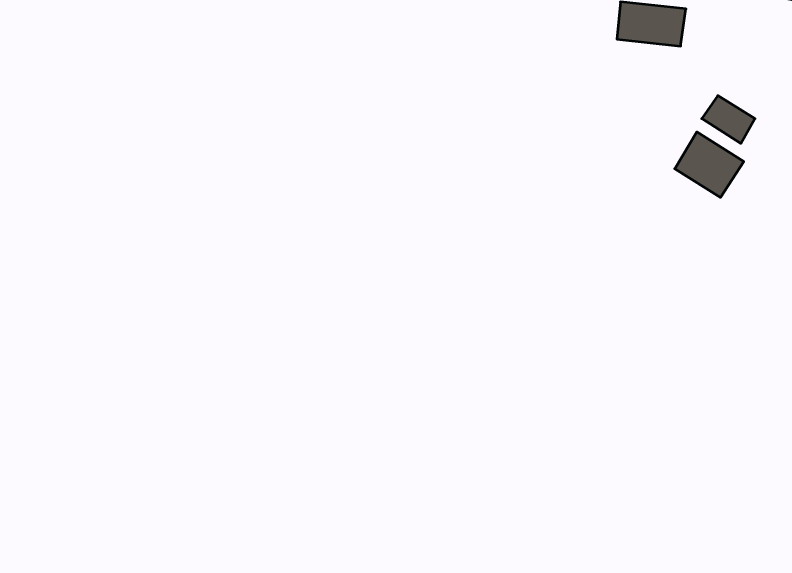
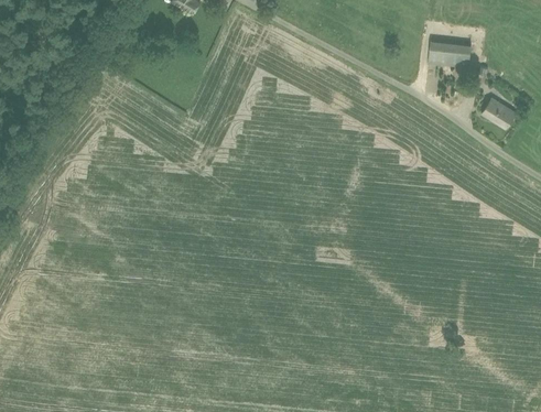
building: [675,132,744,197] -> none

